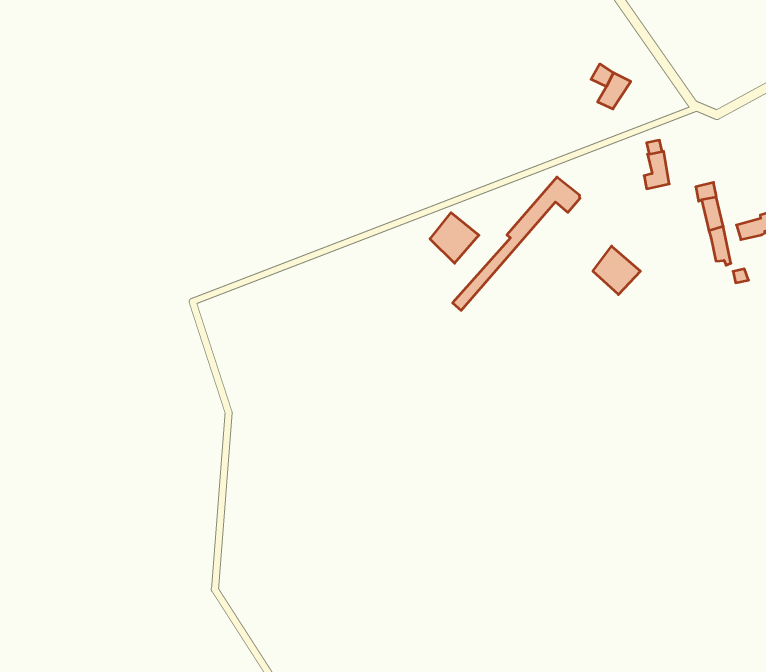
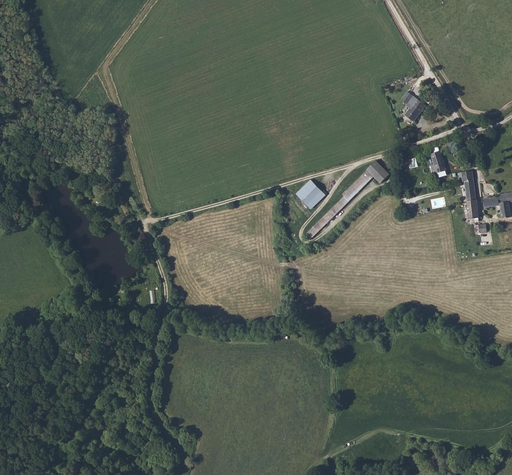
building: [593,246,640,295] -> none

